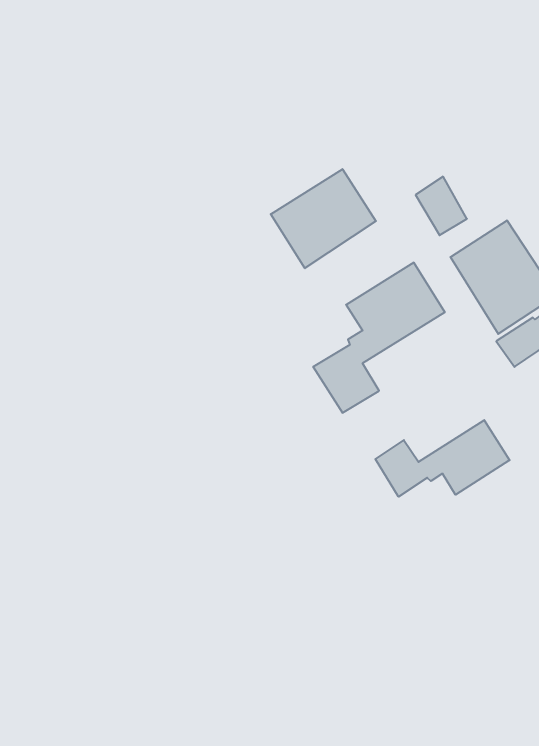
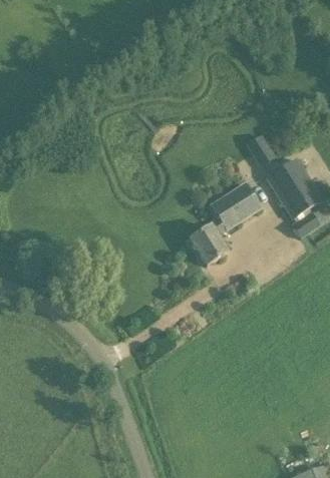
building: [271,169,376,268] -> none
building: [375,420,510,497] -> none

